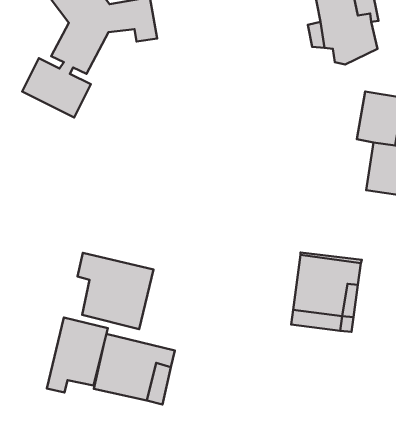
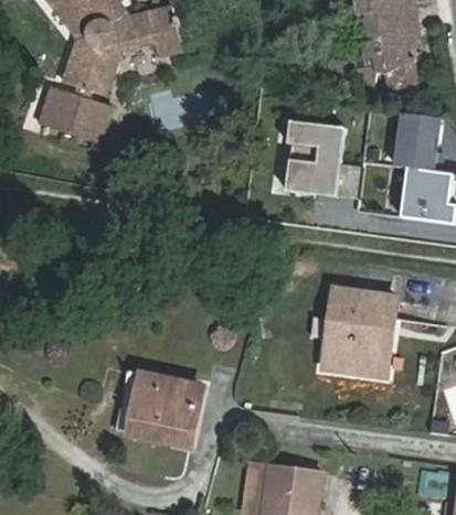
building: none -> [282,121,347,196]
building: [77,253,153,329] -> none
building: [47,317,108,392] -> none

